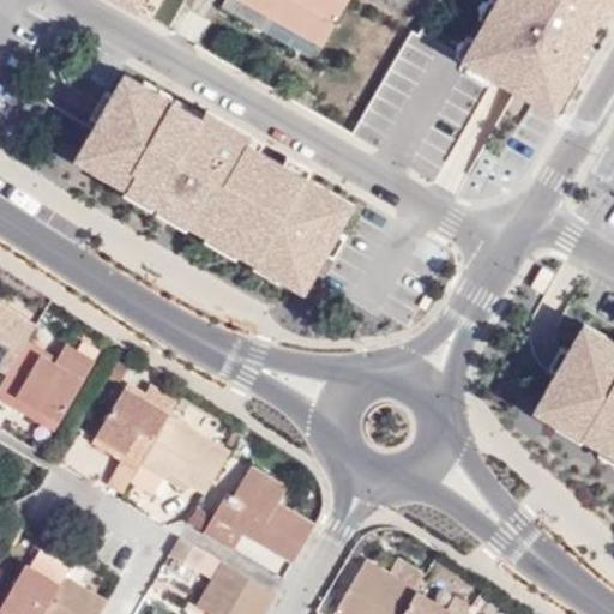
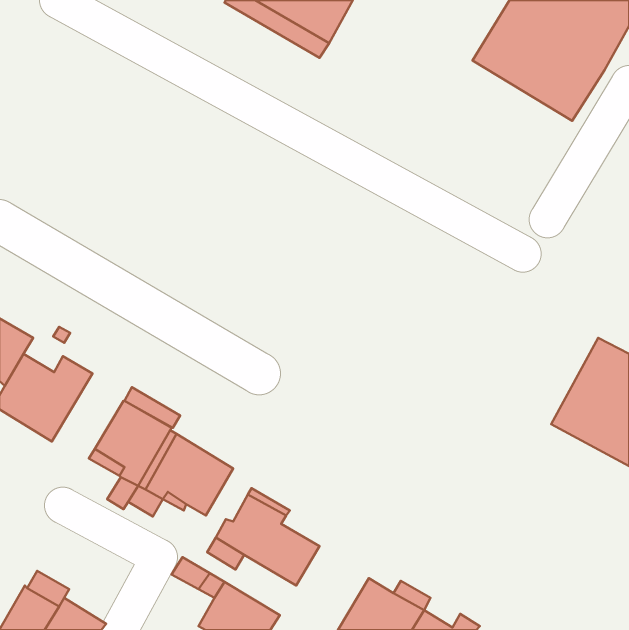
building: [84,80,361,288] -> none

